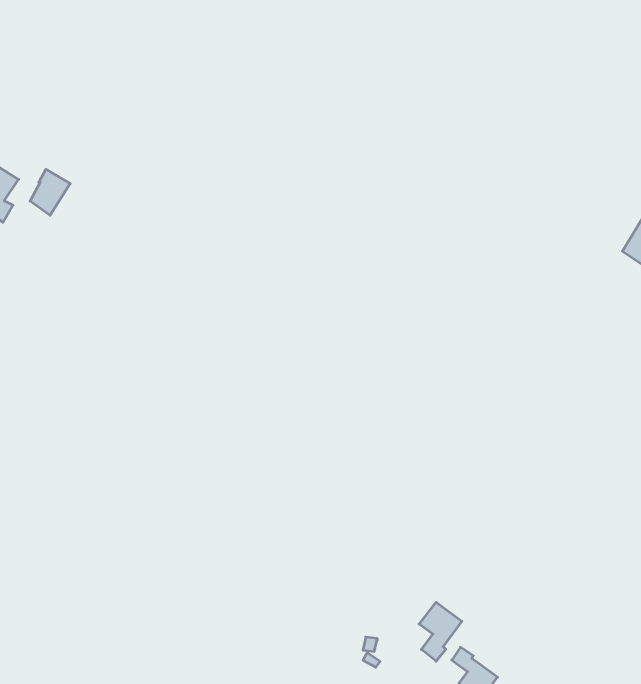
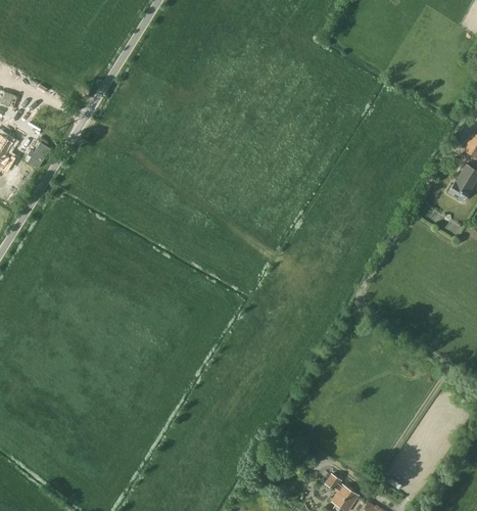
building: [419,602,462,661] -> none

